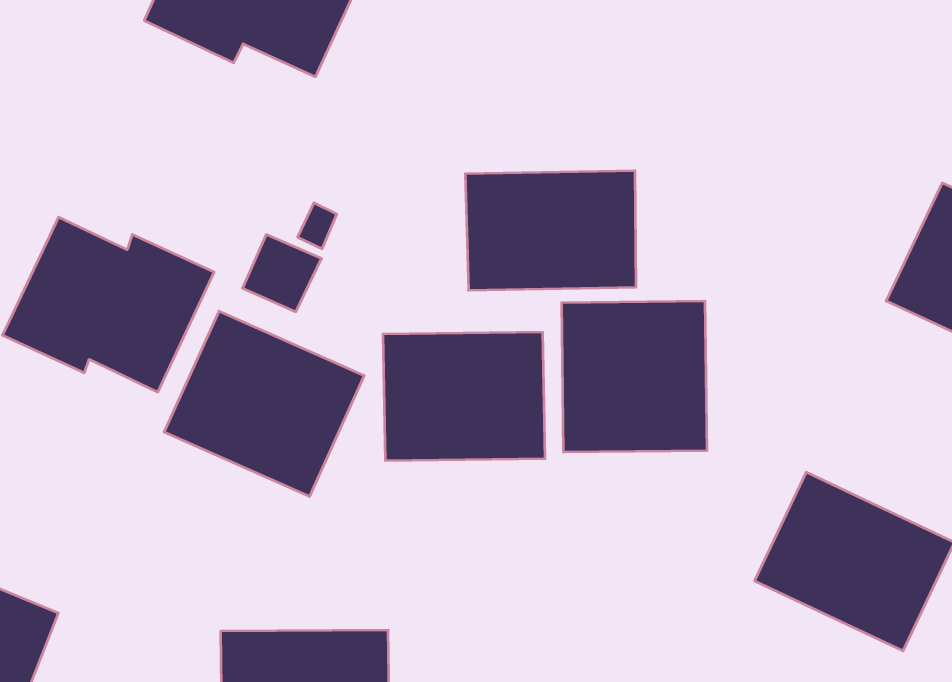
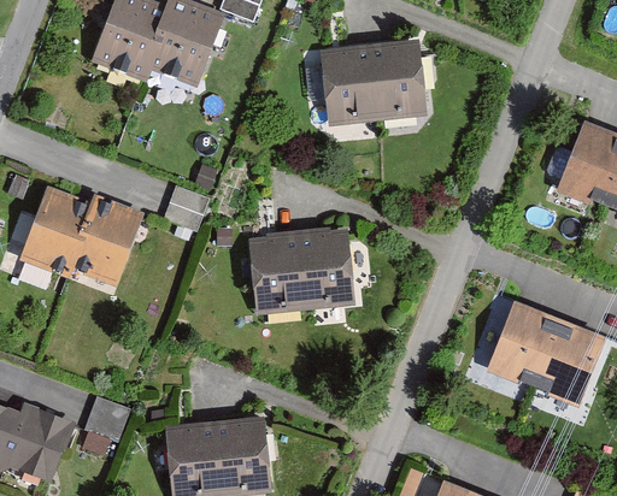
building: [465,171,636,290] -> [318,40,428,120]
building: [562,301,707,452] -> none
building: [164,311,364,497] -> none
building: none -> [83,392,124,448]

